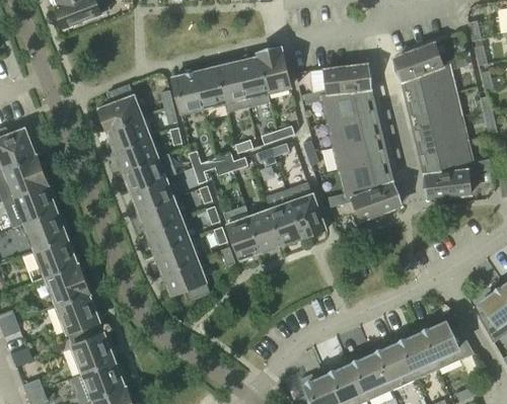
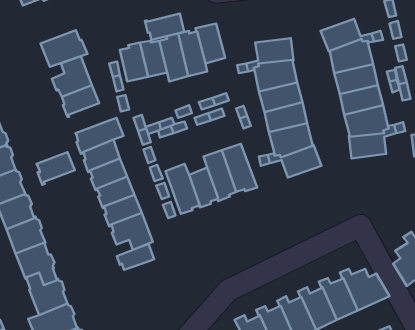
building: none -> [145,13,184,40]
building: none -> [41,30,87,67]
building: [115,137,157,173] -> [37,152,75,185]
building: none -> [117,244,154,270]

